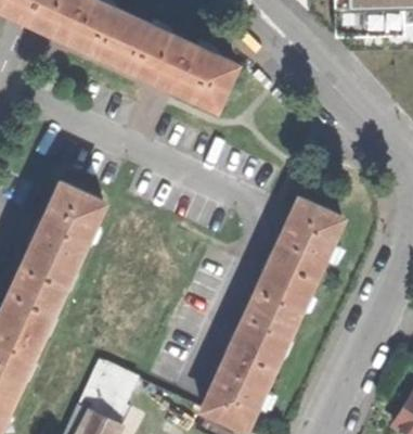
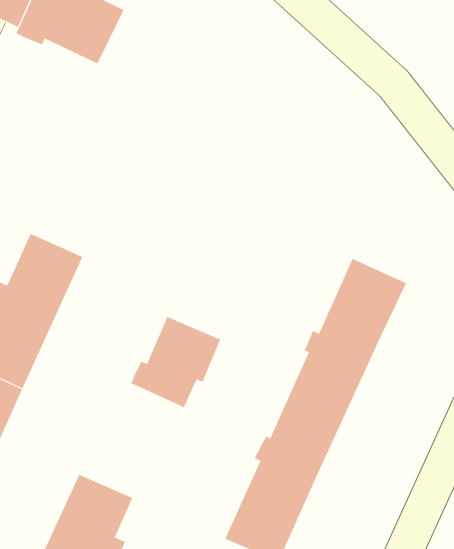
building: [113,20,235,106] -> none
building: none -> [131,316,221,408]

